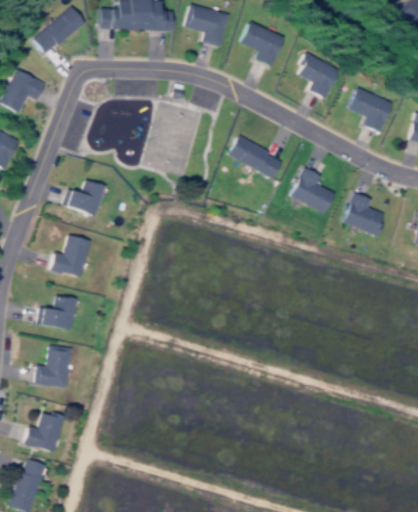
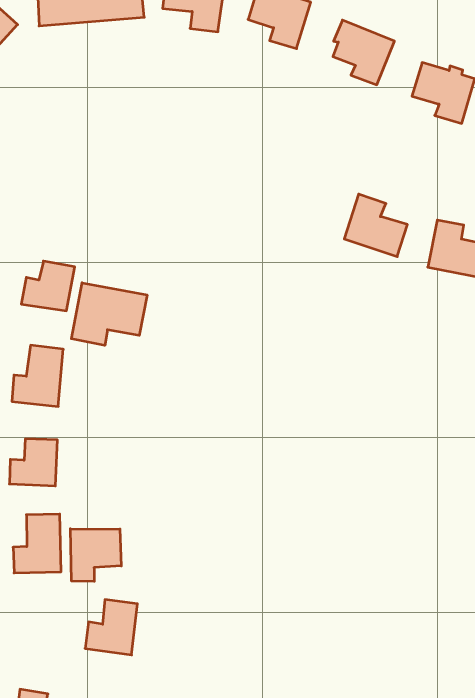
building: [226,137,276,178] -> none
building: none -> [71,283,147,345]
building: none -> [70,529,121,581]
building: [24,413,63,452] -> [85,600,137,655]

